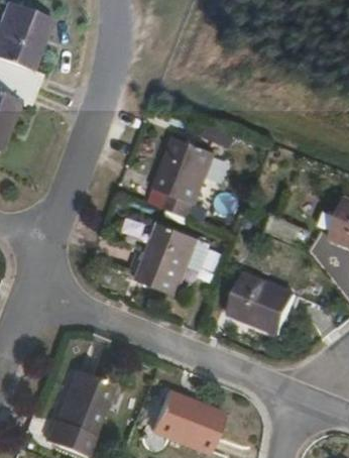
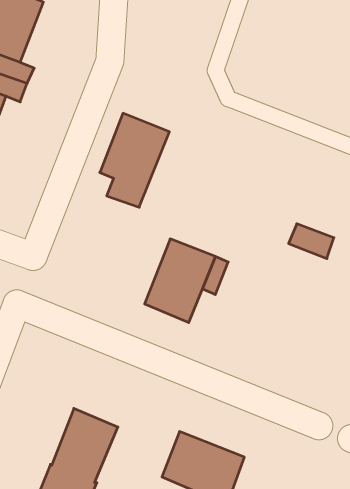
building: [153,136,214,218] -> [100,113,169,207]
building: [227,273,294,334] -> none

